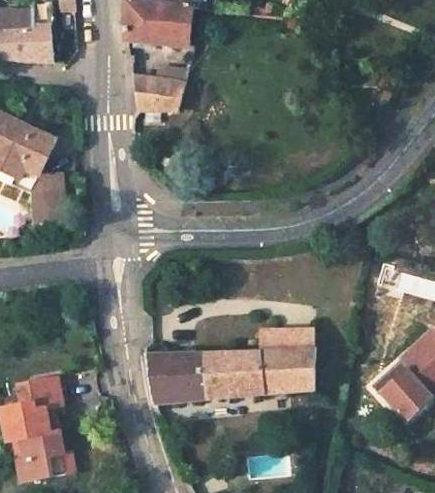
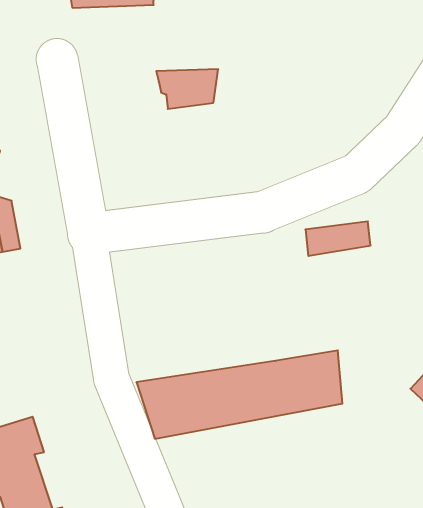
building: [132,77,183,109] -> [156,69,218,109]
building: [260,326,312,349] -> [305,221,371,256]

